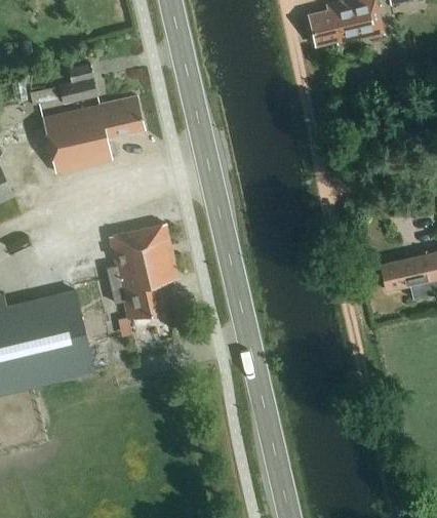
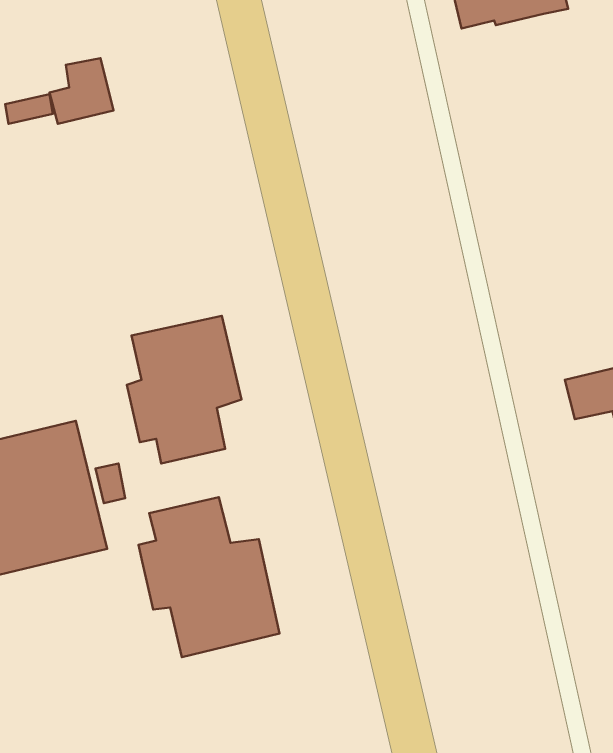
building: [42,95,144,172] -> none
building: none -> [138,497,280,657]

